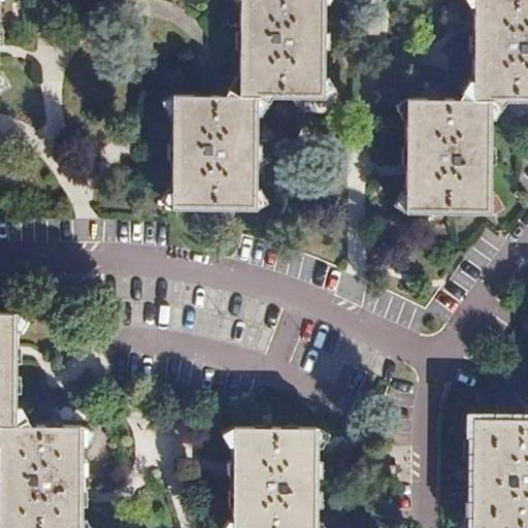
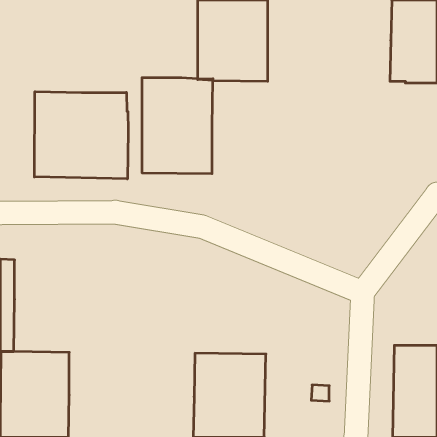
building: [403,97,489,212] -> none
building: none -> [34,92,128,179]

